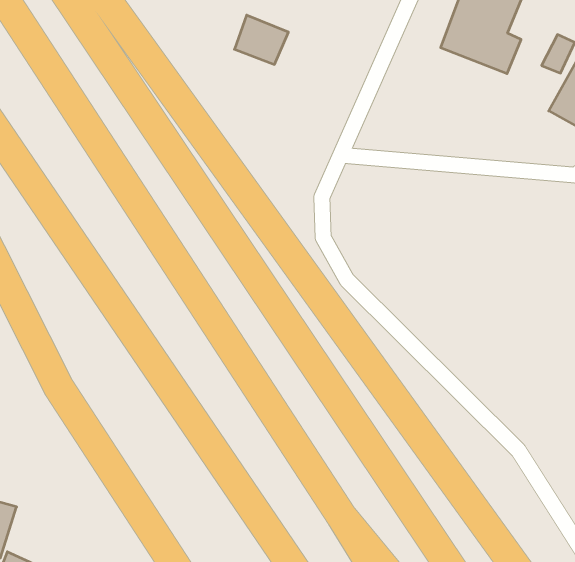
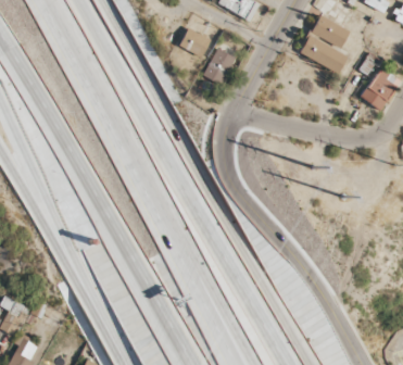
building: none -> [202,48,235,87]

